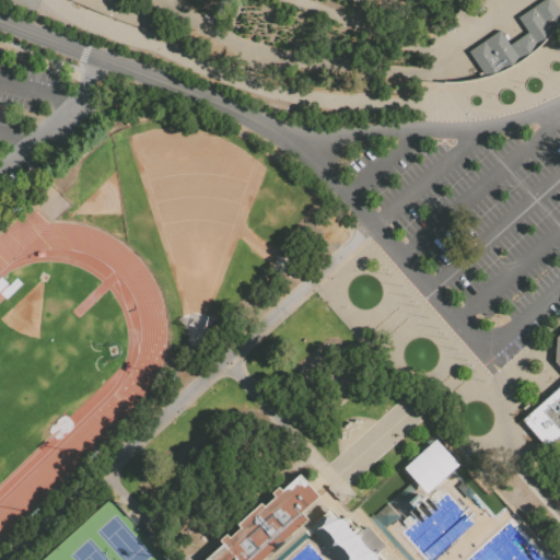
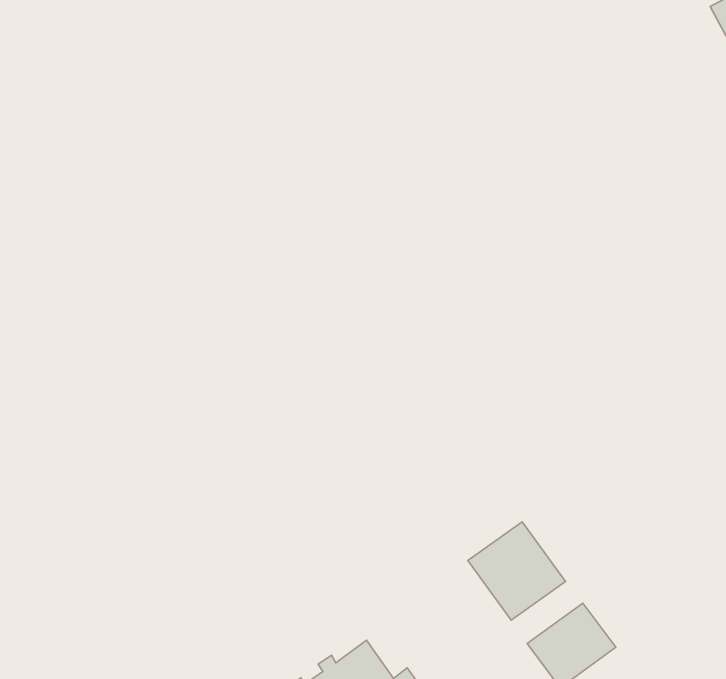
building: none -> [468,522,566,620]

